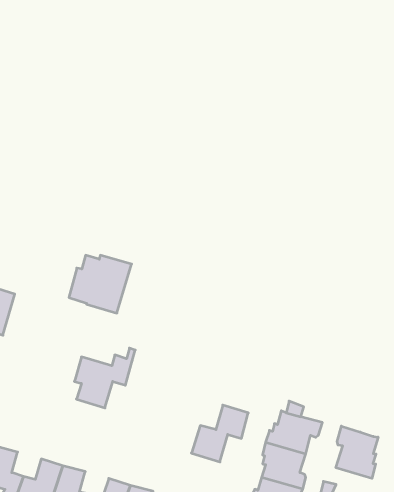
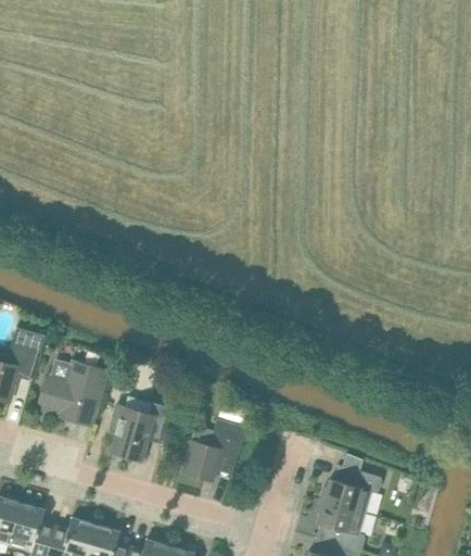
building: [69,255,132,313] -> [37,361,106,425]
building: [191,405,248,462] -> [181,418,244,481]
building: [336,426,378,478] -> none

